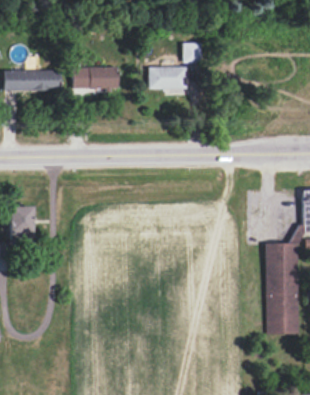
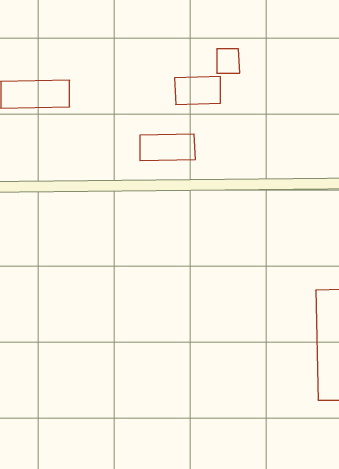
building: [73,67,119,89] -> [140,134,195,161]
building: [9,206,33,235] -> none

